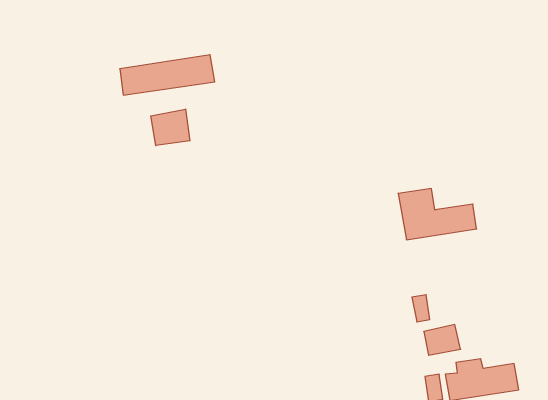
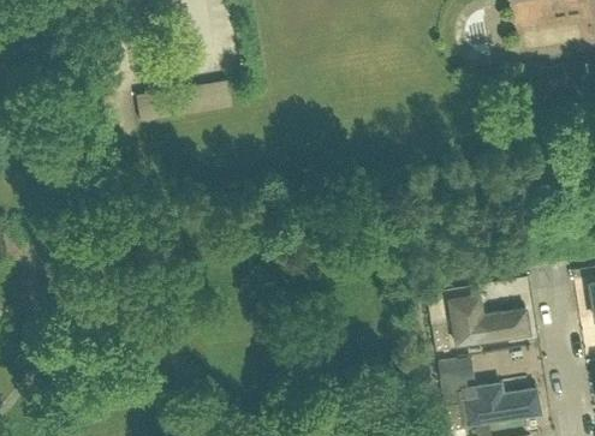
building: [151,109,190,146] -> none
building: [398,189,477,240] -> [448,300,528,352]

